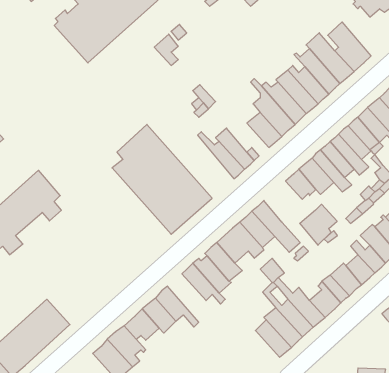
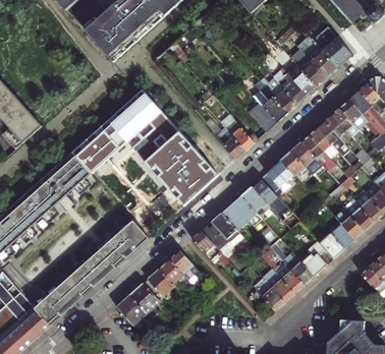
building: none -> [71,90,163,176]
building: [300,204,337,245] -> [262,161,293,195]
building: none -> [78,217,147,282]

